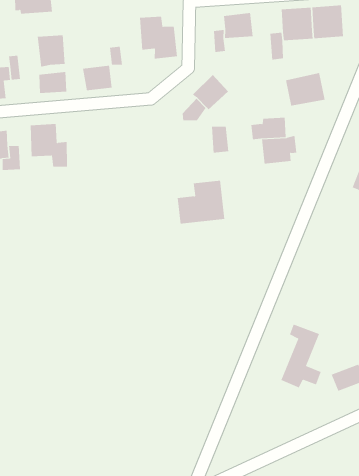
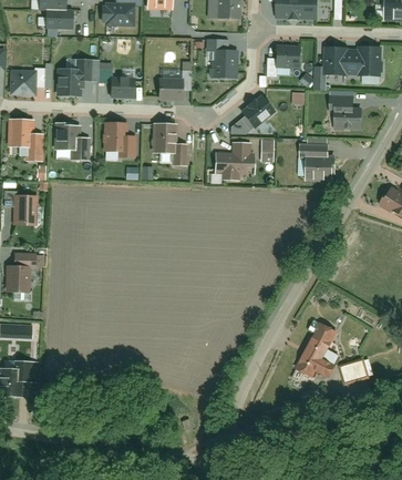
building: [37,35,65,67] -> none
building: none -> [152,125,186,165]
building: [177,180,225,224] -> [214,143,254,177]

